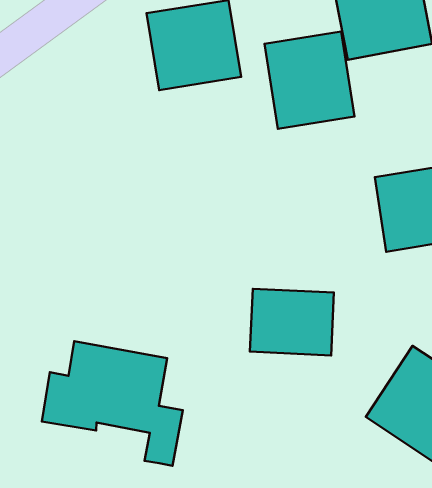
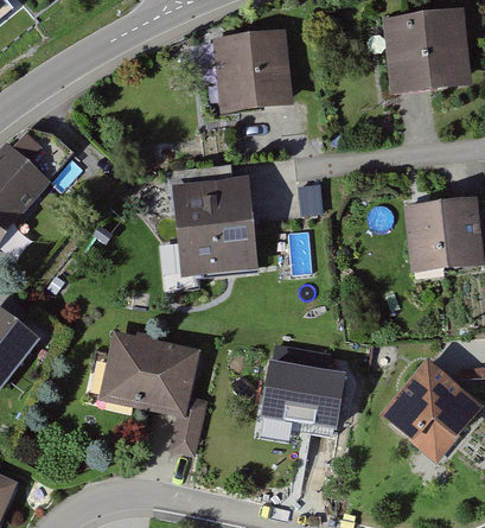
building: [264,32,354,129] -> none
building: none -> [173,176,259,273]
building: [250,289,334,355] -> [264,361,346,428]

